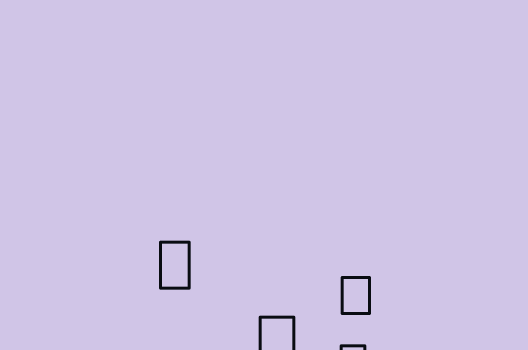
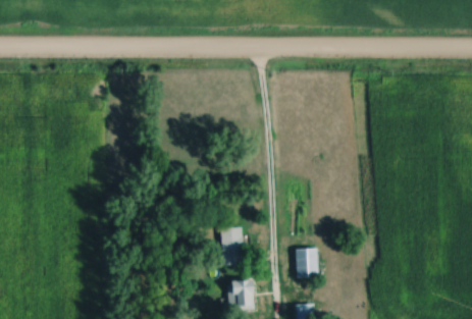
building: [161,242,189,288] -> [220,227,244,265]

